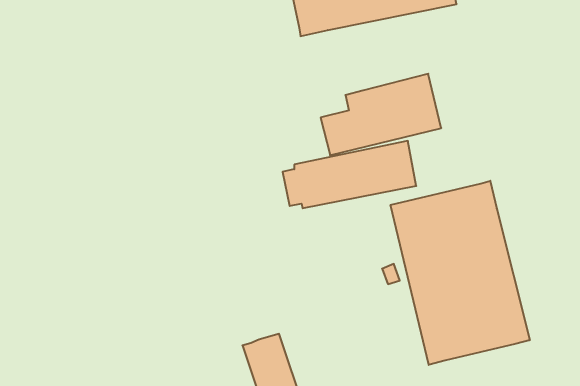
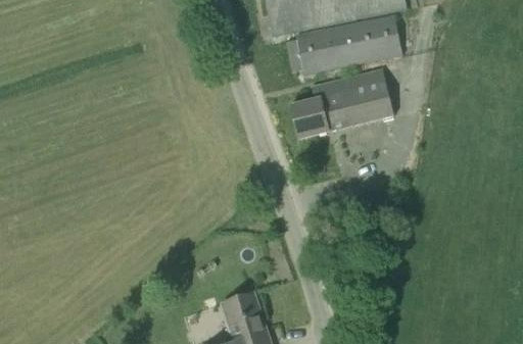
building: [283,141,416,208] -> [287,15,402,73]
building: [391,181,530,365] -> none

